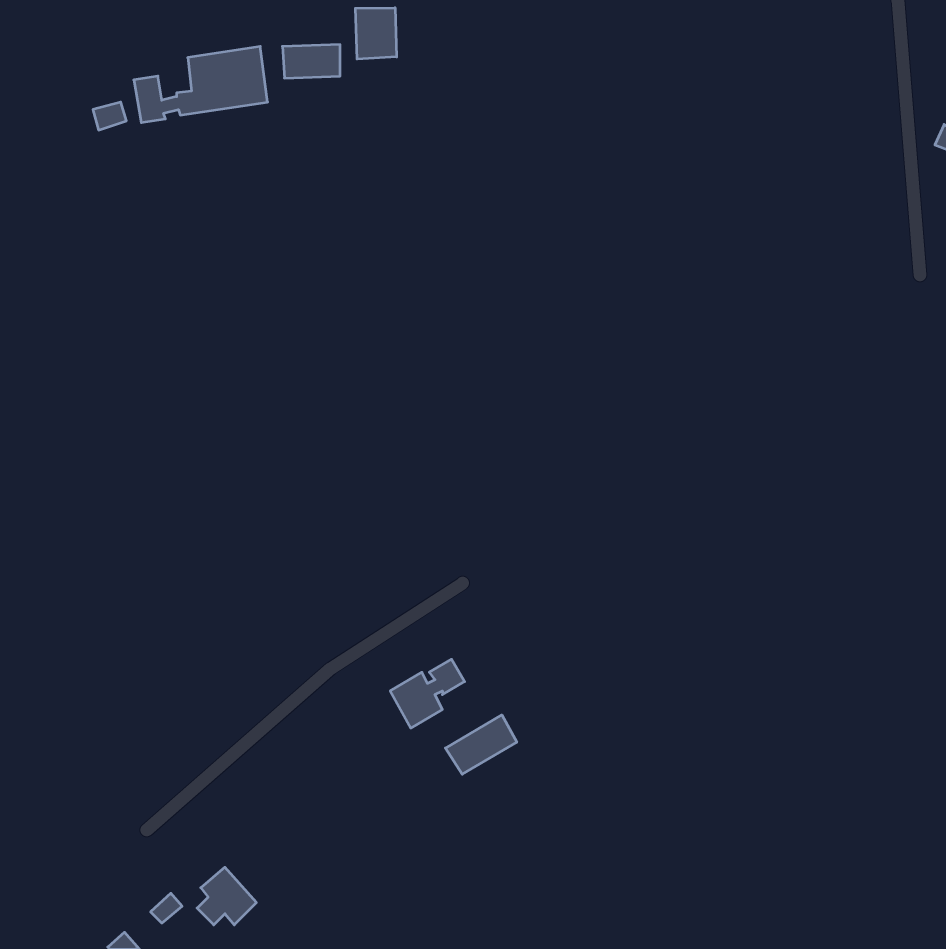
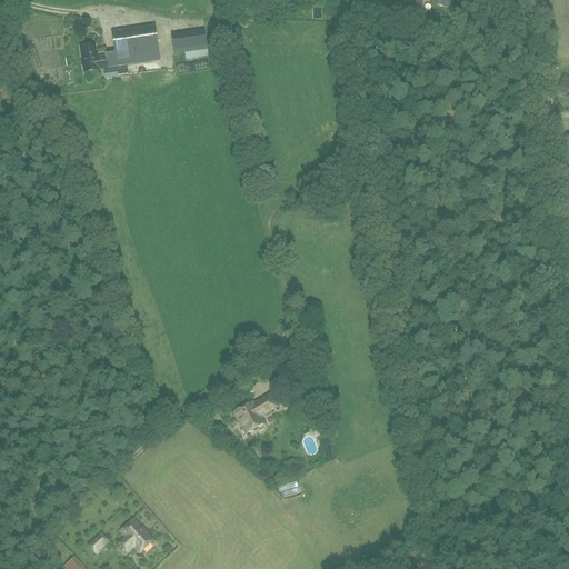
building: [355,8,397,59] -> none
building: [445,715,517,774] -> none

